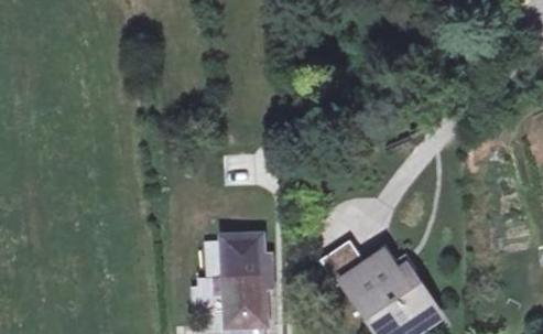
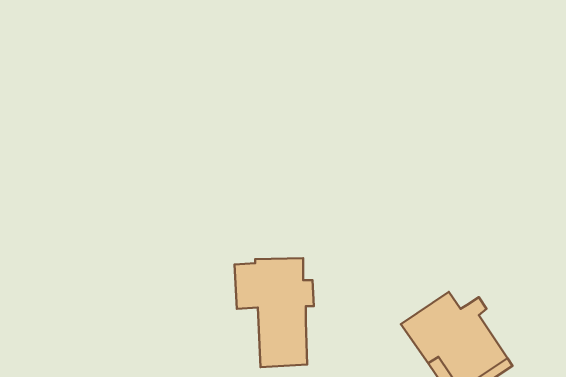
building: [324,247,402,289] -> none

